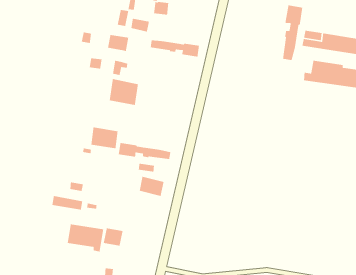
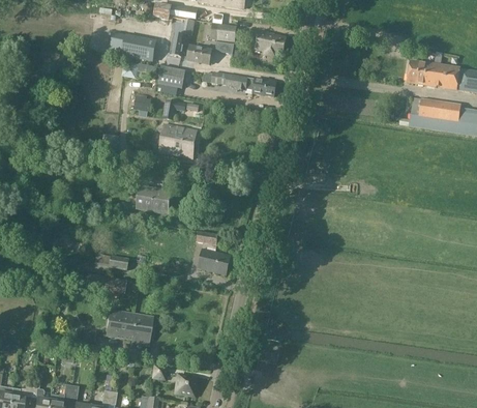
building: [282,4,303,61] -> none
building: none -> [256,30,287,55]
building: none -> [121,34,157,61]
building: [118,142,171,160] -> none
building: [103,227,123,247] -> none

